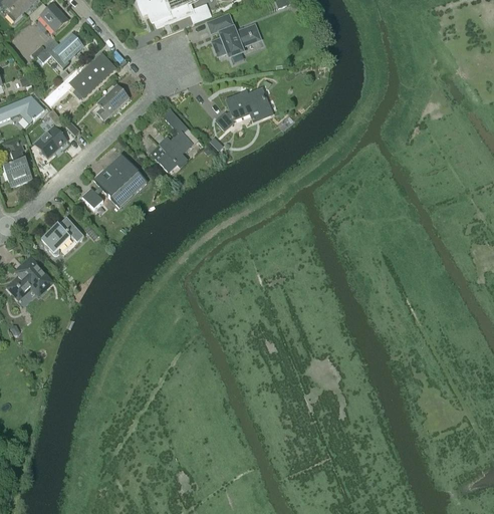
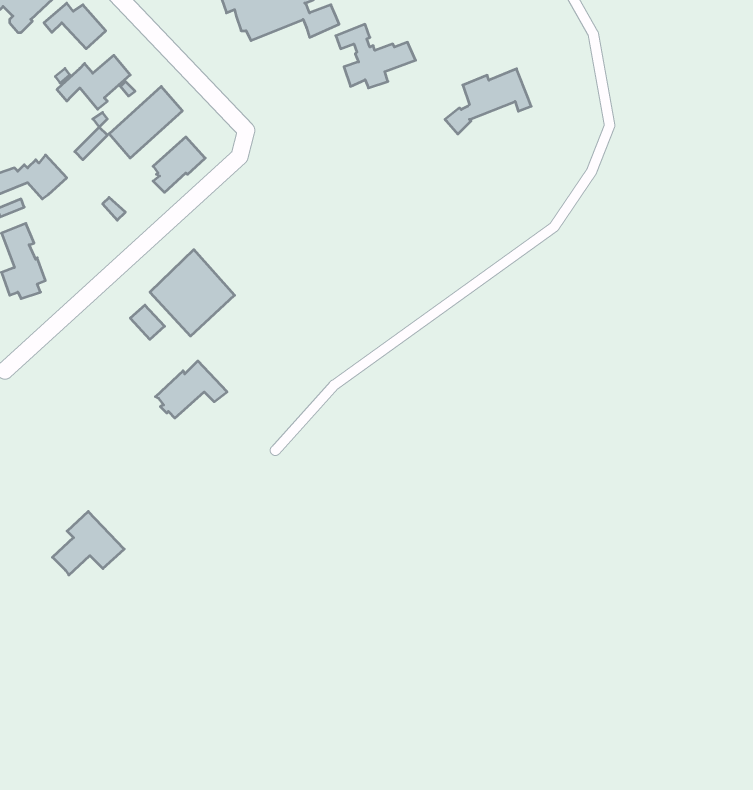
building: [216,88,269,128] -> [445,69,531,134]
building: [34,109,66,158] -> none
building: [151,109,198,173] -> none
building: [40,217,84,252] -> [155,361,227,418]
building: [8,258,52,297] -> [52,511,124,575]

